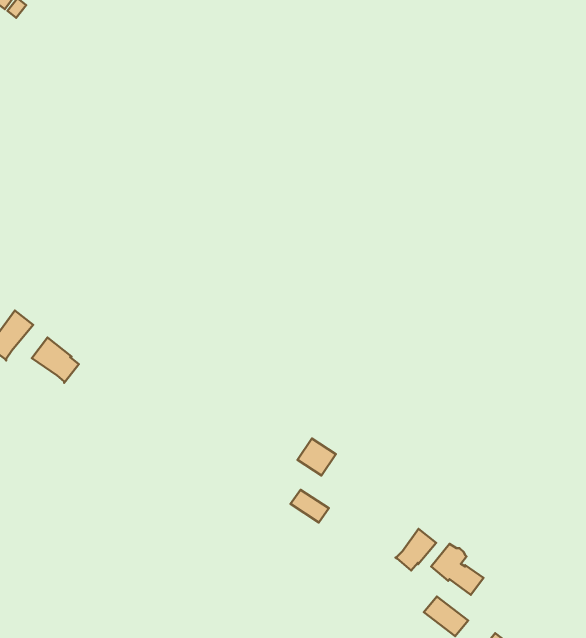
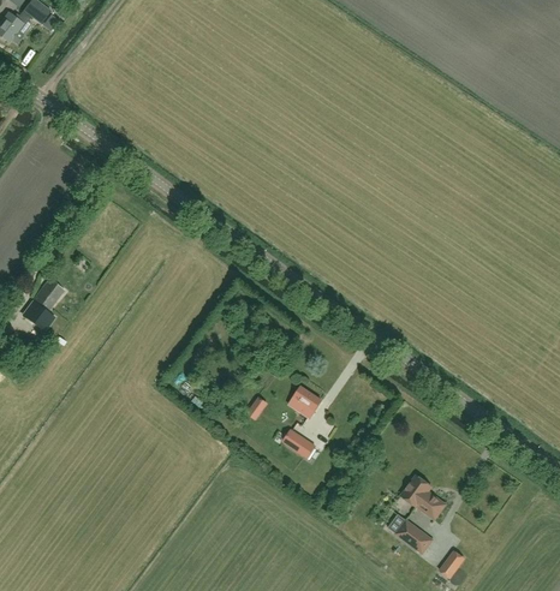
building: [32,338,79,383] -> none
building: [395,529,436,571] -> none

